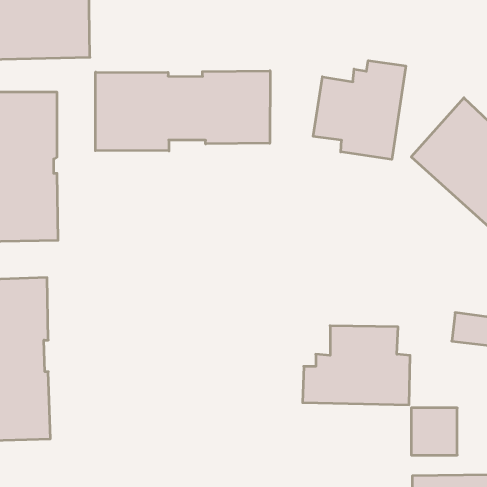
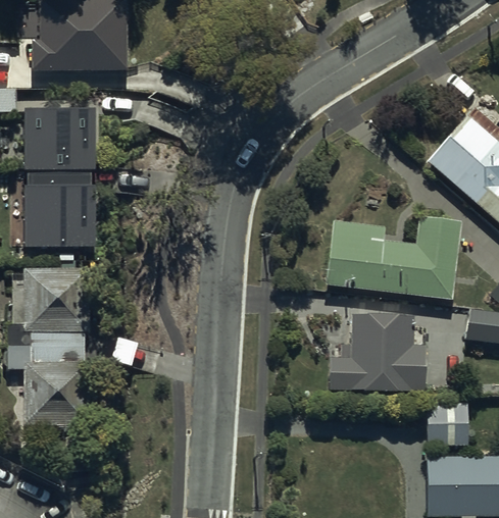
building: [313,61,406,159] -> none
building: [95,71,270,151] -> none
building: none -> [325,216,461,304]

